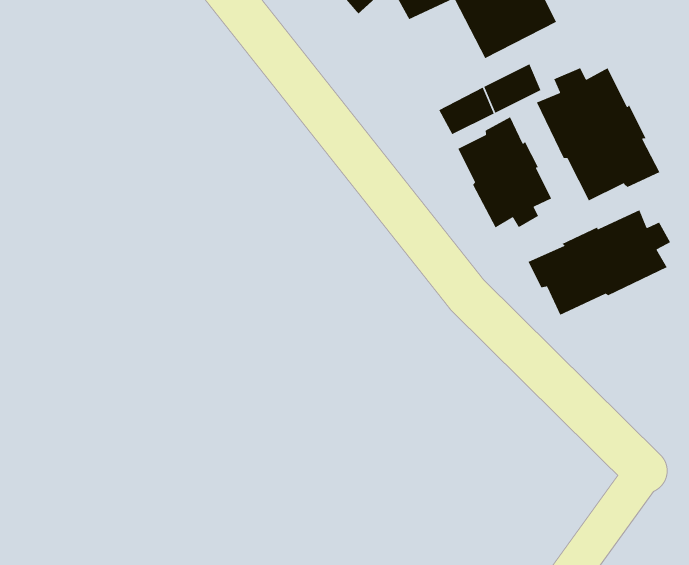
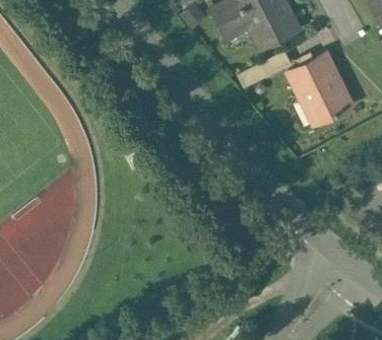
building: [457,116,552,229] -> none
building: [528,209,671,316] -> none

